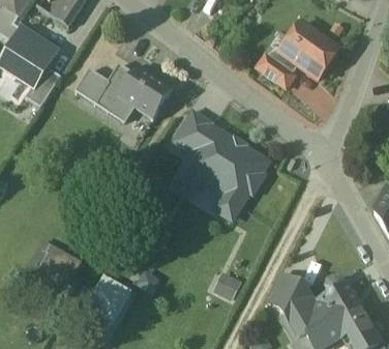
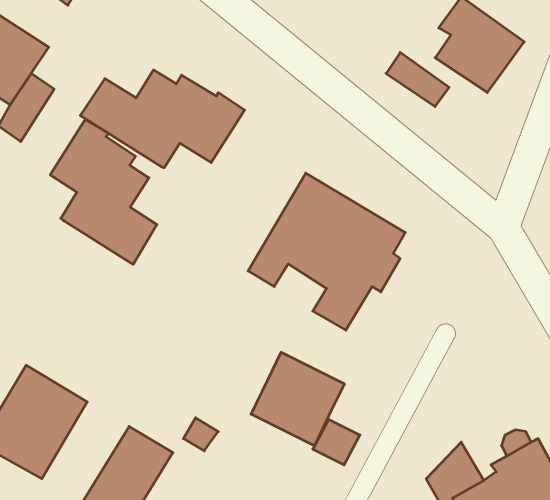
building: none -> [50,119,157,264]
building: [175,109,212,149] -> none
building: none -> [251,352,344,446]
building: [265,272,301,306] -> none

